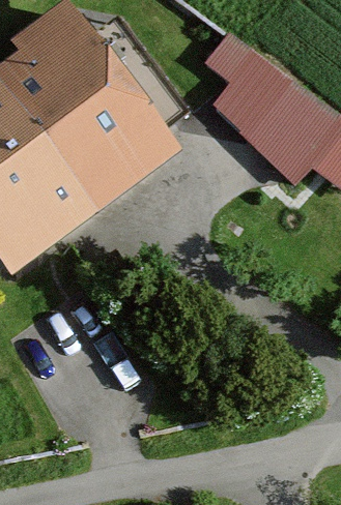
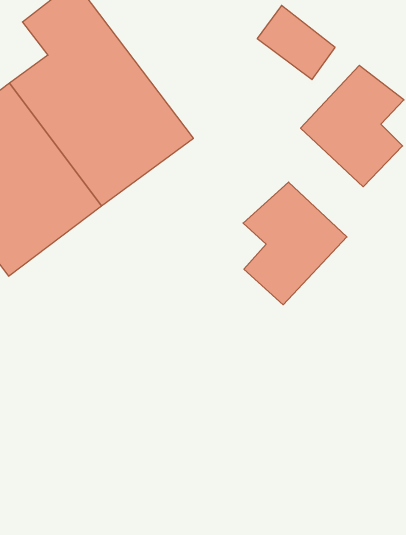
building: none -> [243,182,347,305]

